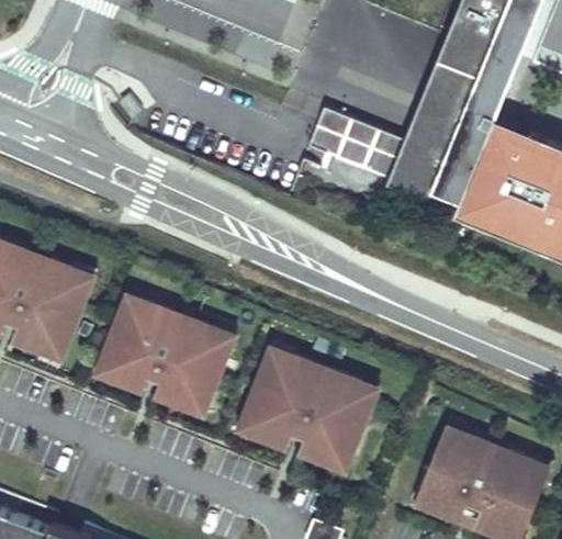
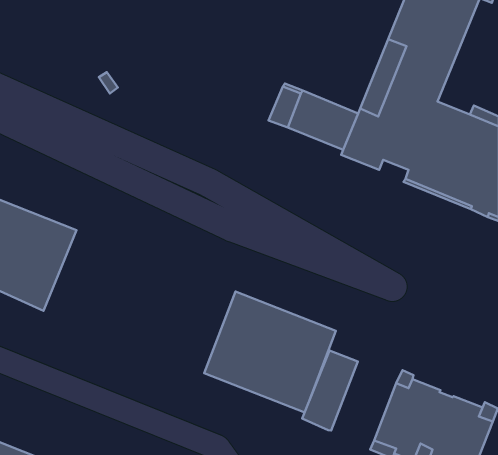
building: [91,288,235,415] -> none
building: none -> [302,351,358,430]

